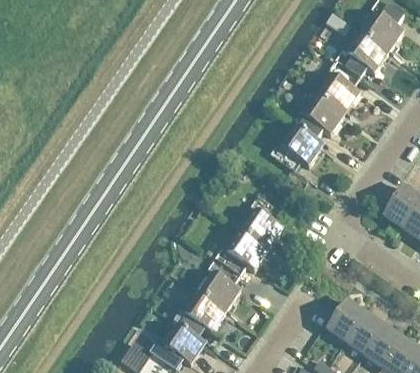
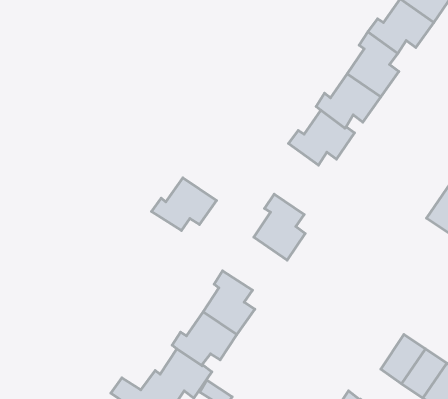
building: [213,231,267,275] -> [152,178,216,231]
building: [326,299,364,341] -> none

